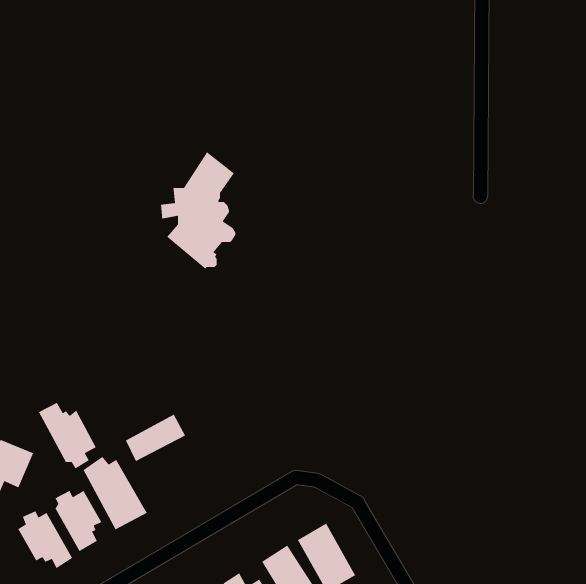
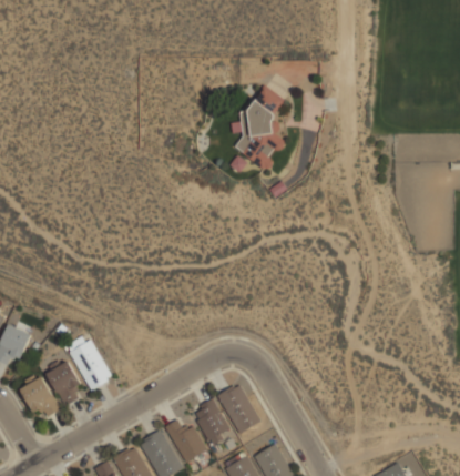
building: [160,151,236,269] -> [229,84,284,169]
building: [38,402,97,470] -> none
building: [125,414,186,462] -> none

